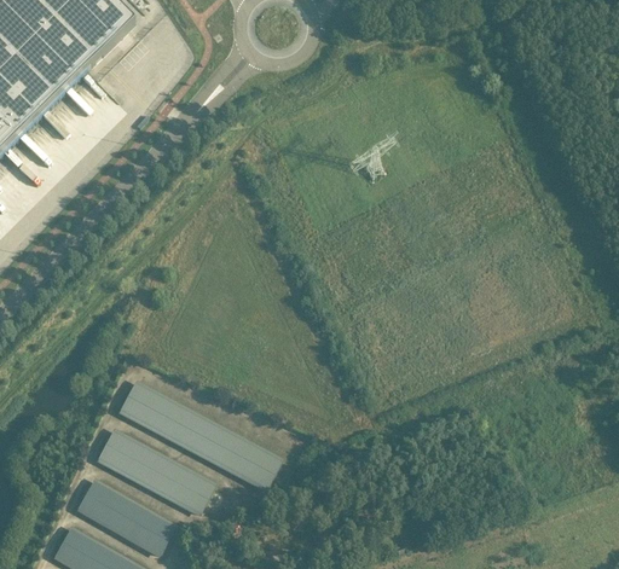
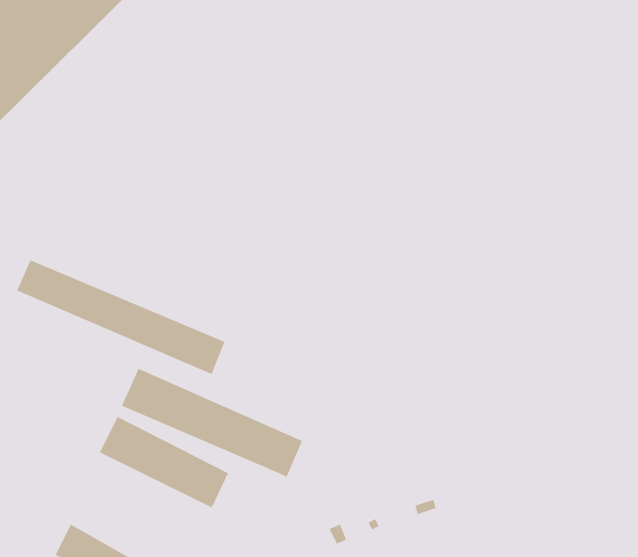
building: none -> [16,259,225,375]
building: [76,480,170,552] -> none

